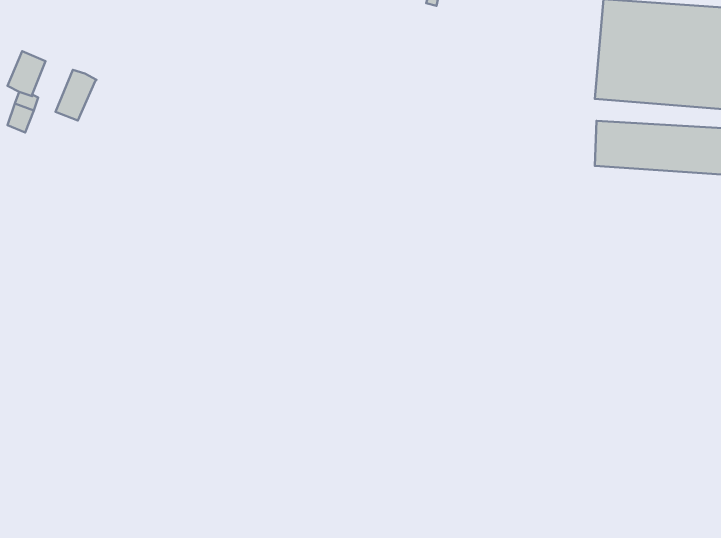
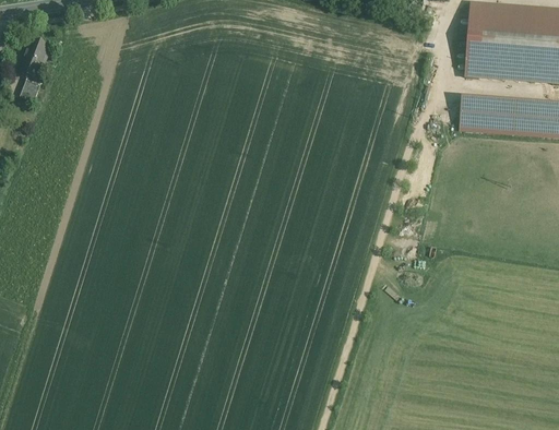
building: [55,70,96,121] -> none

